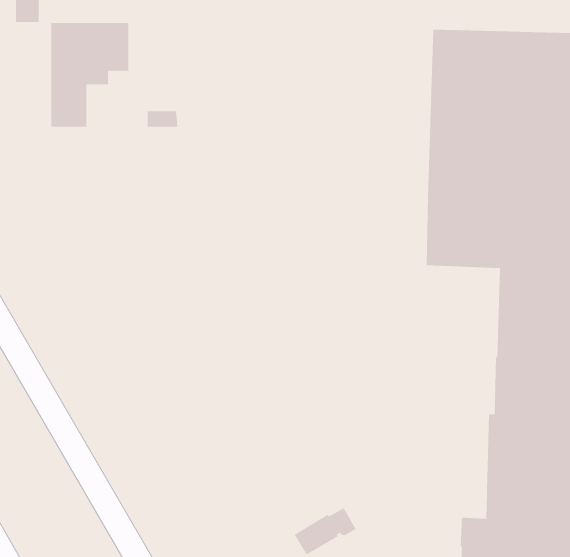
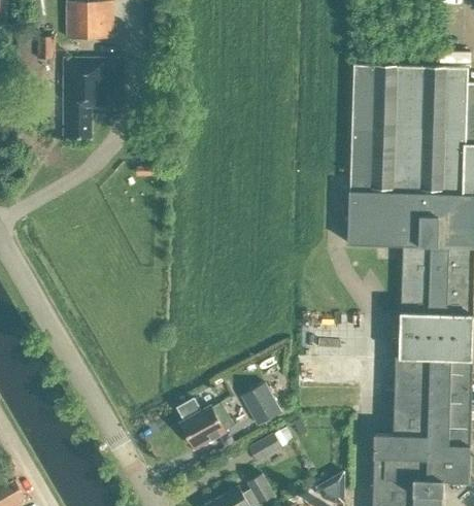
building: none -> [240,381,282,426]
building: none -> [179,403,229,448]

